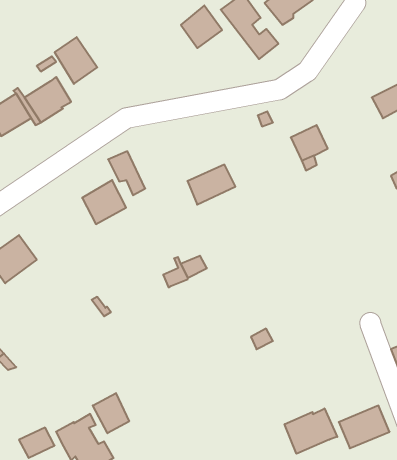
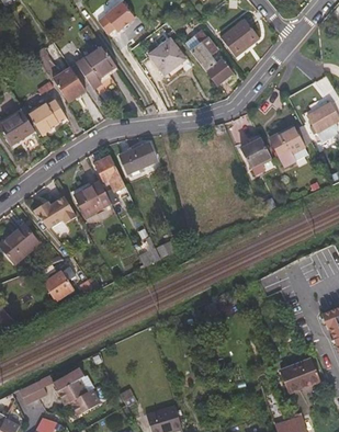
building: none -> [77,45,117,88]
building: none -> [272,124,313,167]
building: [187,165,235,205] -> [121,143,159,174]
building: none -> [32,193,75,227]
building: none -> [44,270,75,300]
building: [93,393,129,433] -> none
building: [285,408,337,454] -> none

